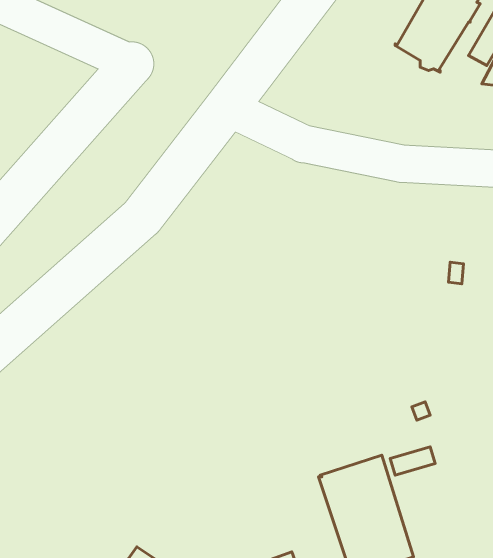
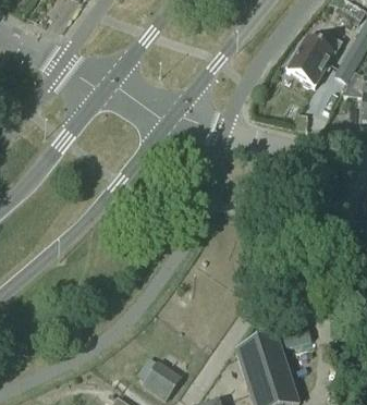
building: none -> [143,358,182,396]

